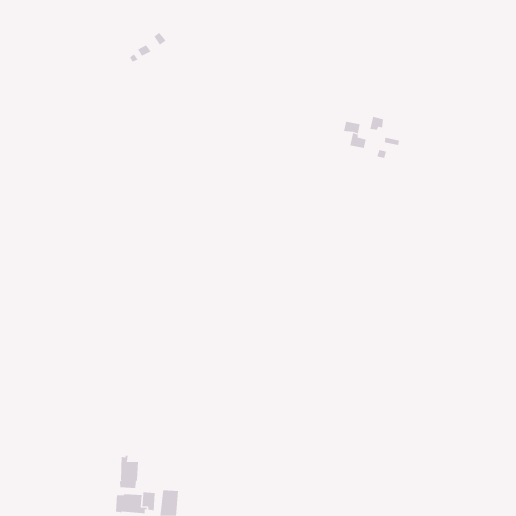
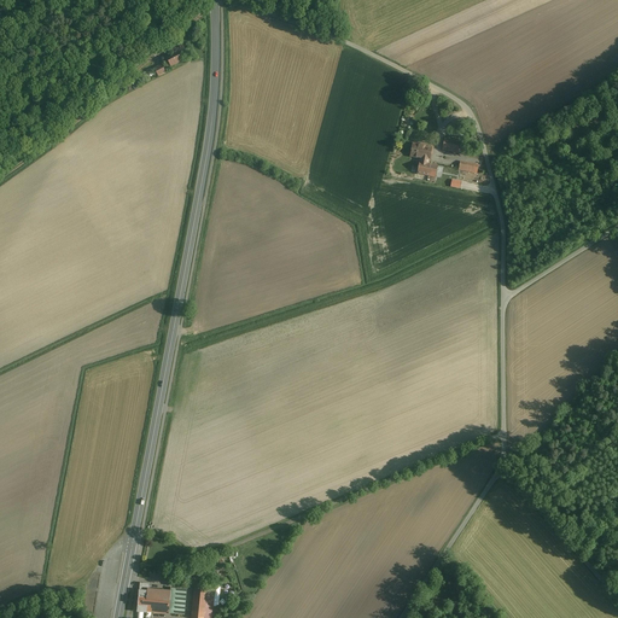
building: [120,455,139,489] -> none

